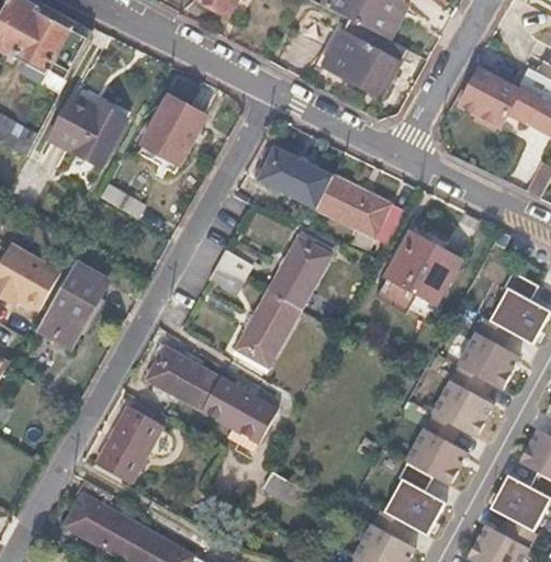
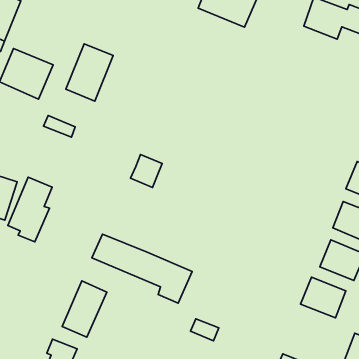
building: [257,146,404,243] -> none
building: [387,232,459,315] -> none
building: [236,236,333,364] -> none
building: [384,475,446,532] -> none

